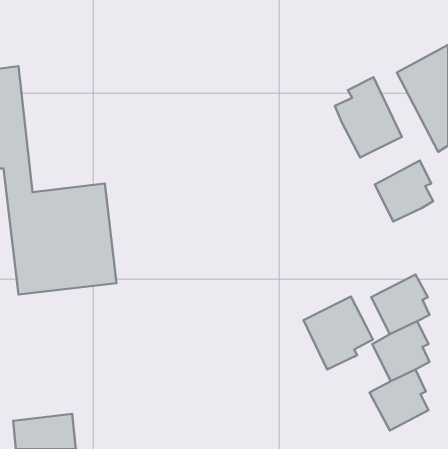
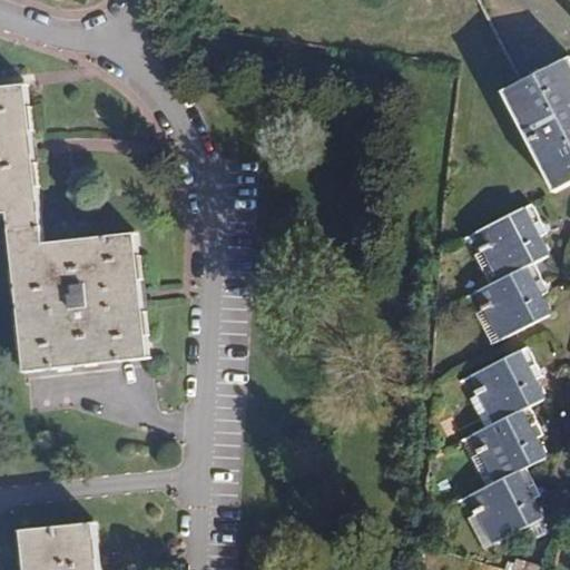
building: [335,77,402,158] -> none
building: none -> [474,263,548,340]
building: [304,297,373,369] -> none

